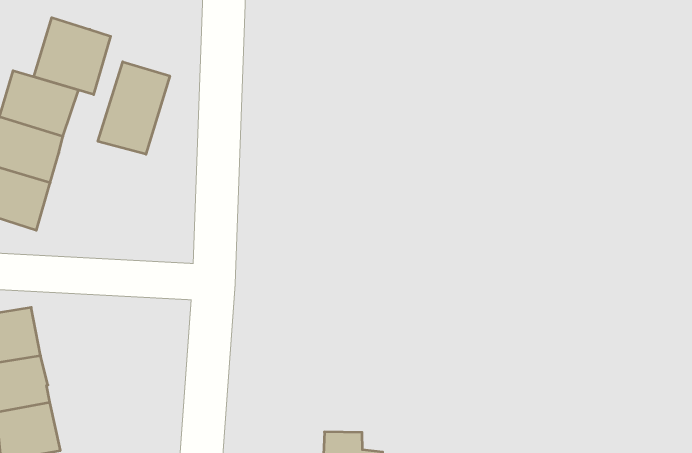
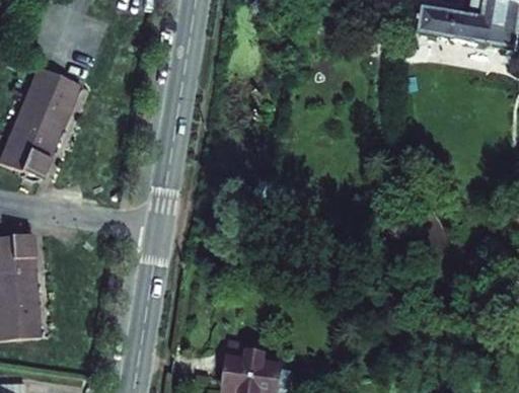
building: [34,18,111,95] -> none
building: [98,62,170,154] -> none

